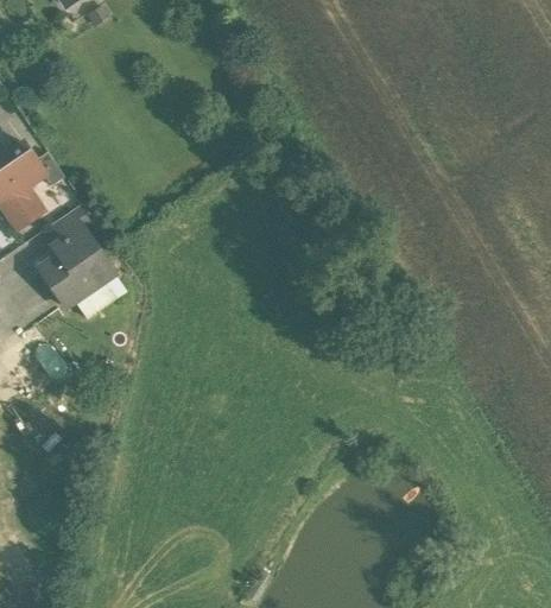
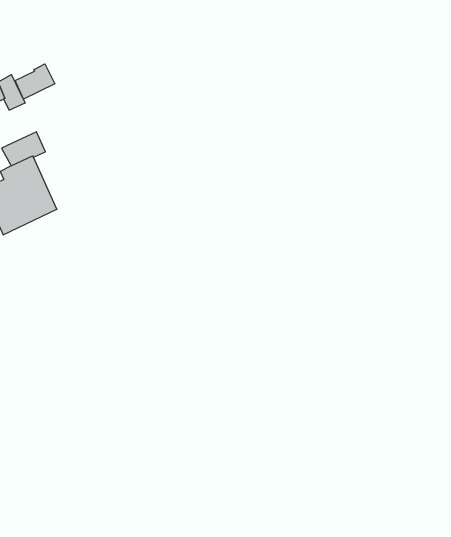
building: none -> [15,64,55,99]

